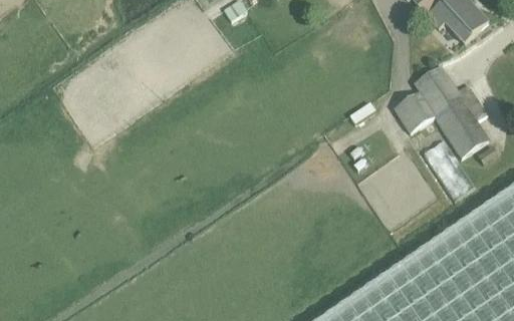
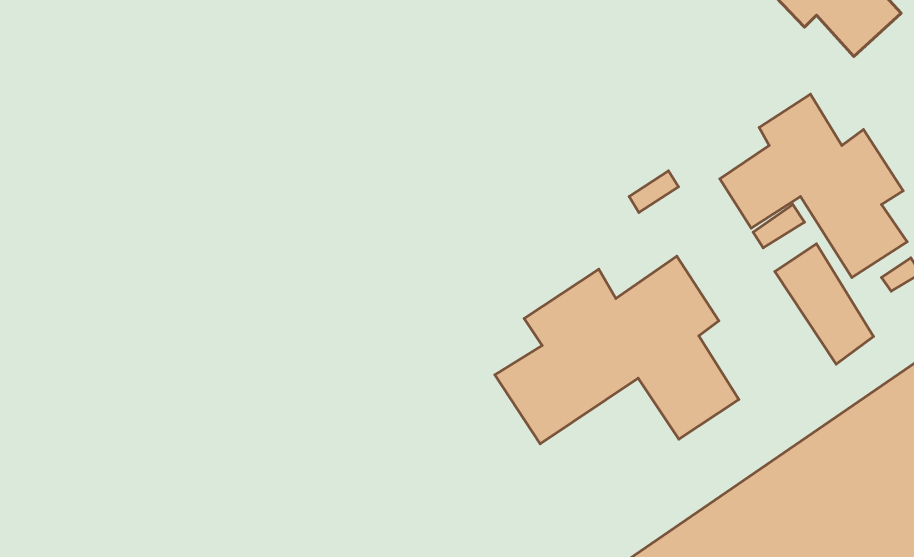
building: none -> [495,256,739,444]

